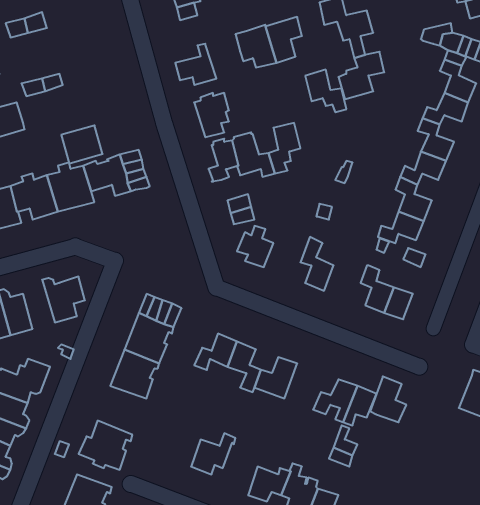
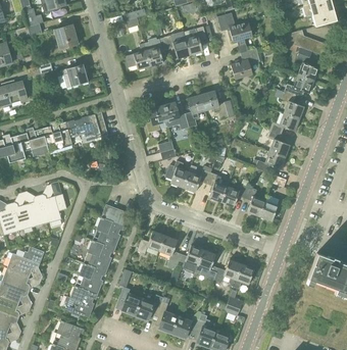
building: none -> [55,24,79,49]
building: [305,70,346,112] -> [202,90,229,117]
building: [194,93,229,137] -> [145,37,167,65]
building: [61,125,103,163] -> [62,63,89,88]
building: none -> [183,164,212,192]
building: none -> [221,179,251,206]
building: none -> [28,195,48,227]
building: [370,376,406,422] -> [196,249,219,279]
building: none -> [76,263,107,295]
building: none -> [118,287,142,315]
building: none -> [156,300,179,334]

